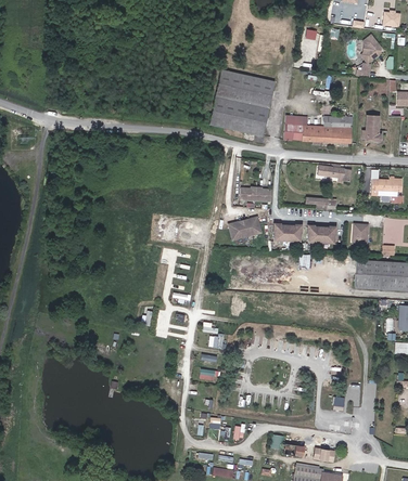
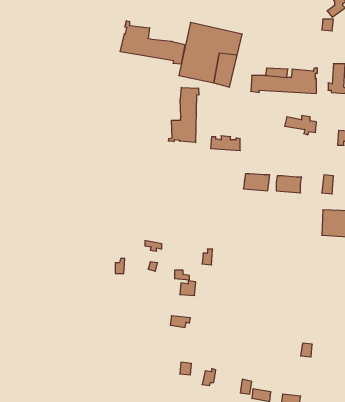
building: none -> [120,21,185,64]
building: none -> [168,87,199,143]
building: [229,216,262,237] -> none

